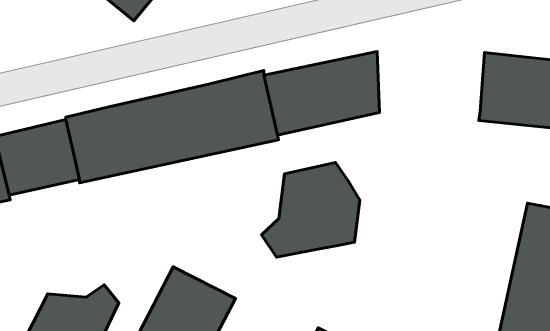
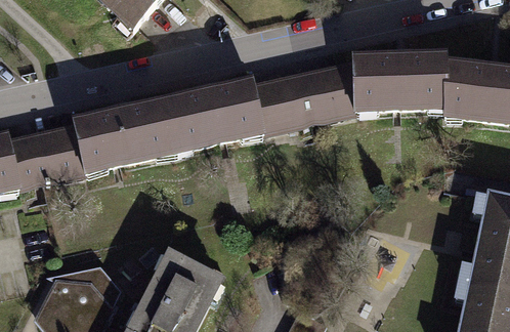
building: none -> [353,50,451,112]
building: [262,163,360,257] -> none

